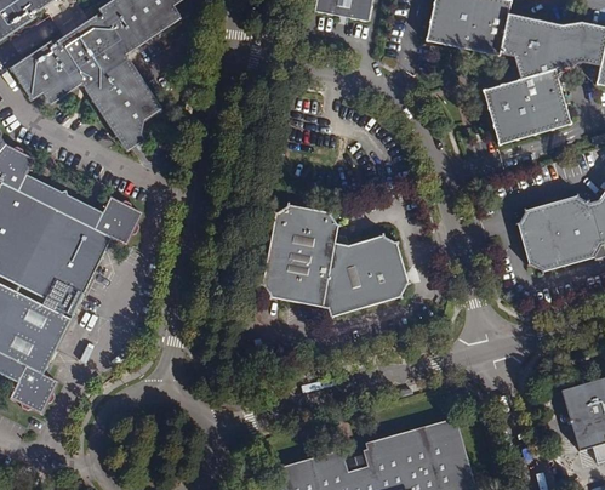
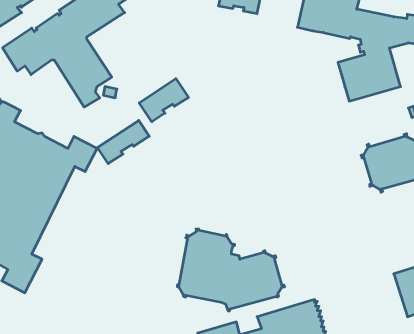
building: none -> [139,79,188,122]
building: none -> [98,120,149,164]
building: [259,201,411,317] -> [177,229,285,311]

